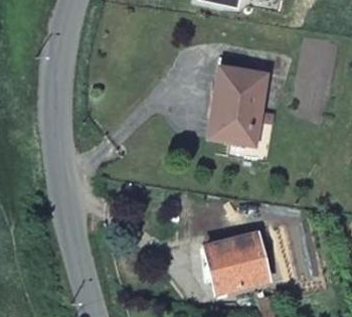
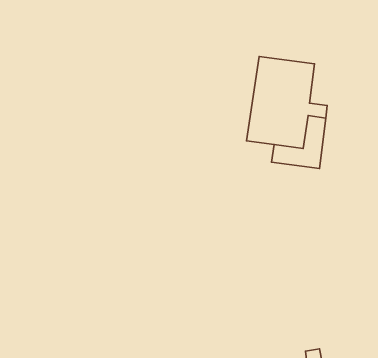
building: [208,229,267,293] -> none

